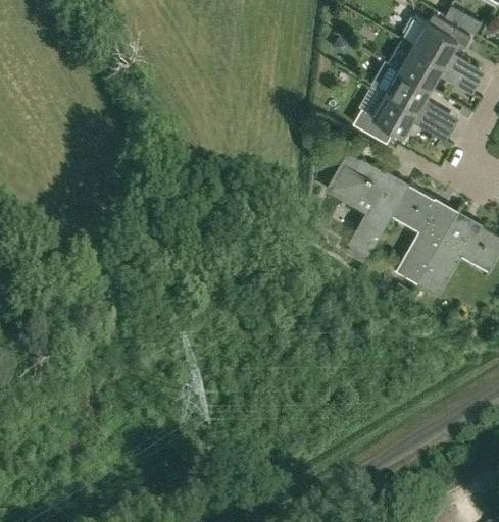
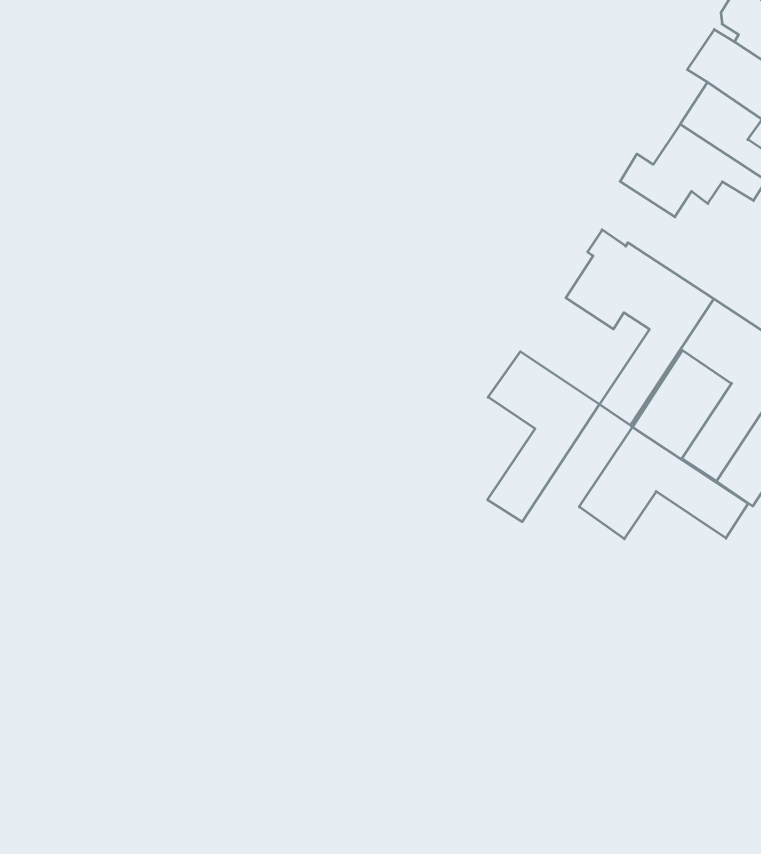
building: none -> [488,352,600,522]
building: none -> [579,427,748,539]

